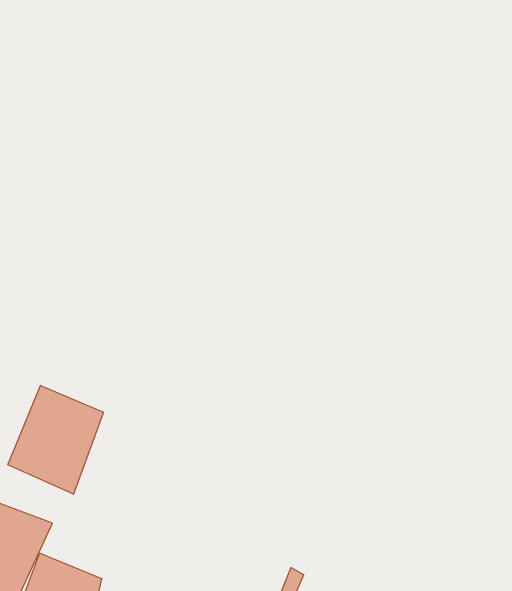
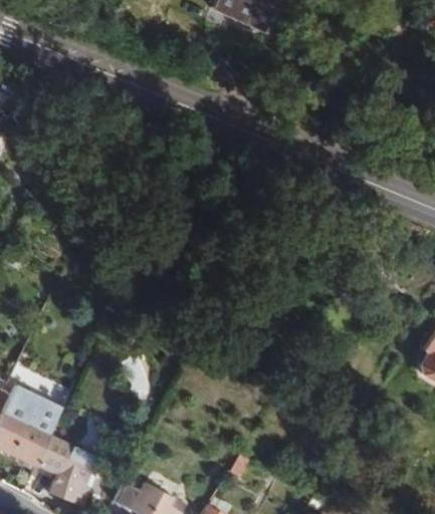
building: [8,385,103,494] -> none

